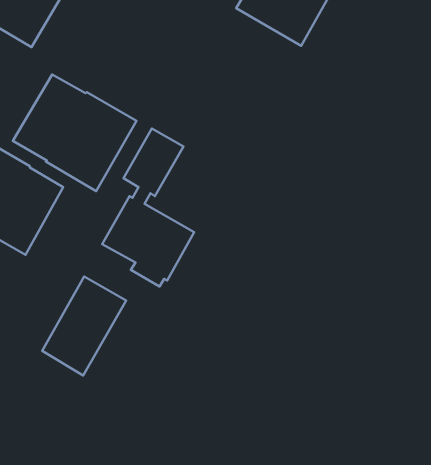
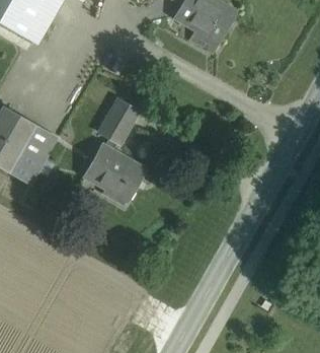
building: [13,74,137,191] -> none
building: [42,277,126,376] -> none

